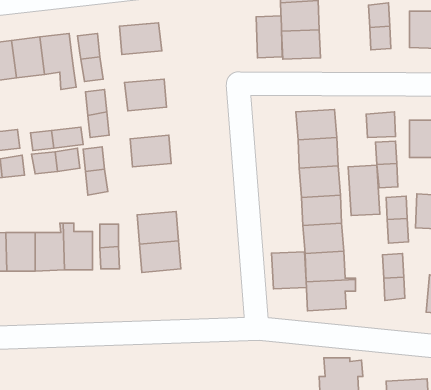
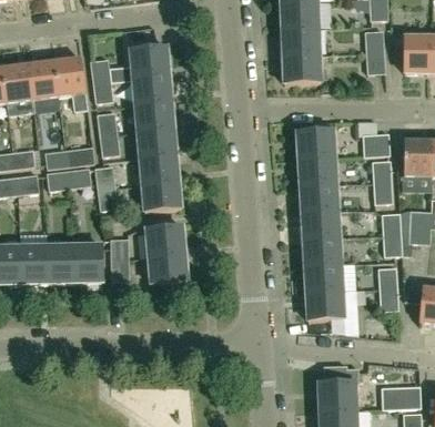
building: [256,16,282,58] -> none
building: none -> [132,74,172,104]
building: none -> [138,128,176,157]
building: none -> [142,181,181,212]
building: [348,165,380,216] -> none
building: [272,252,307,289] -> none

